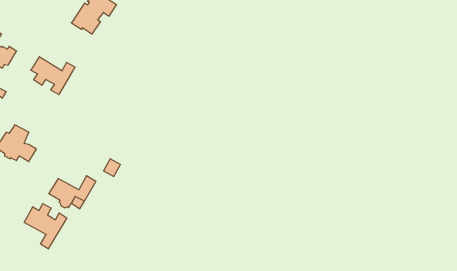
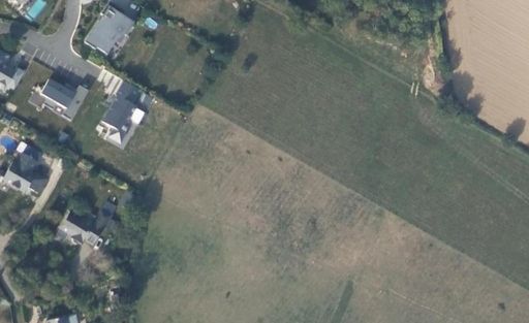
building: none -> [102,80,139,142]
building: [24,204,67,249] -> none

